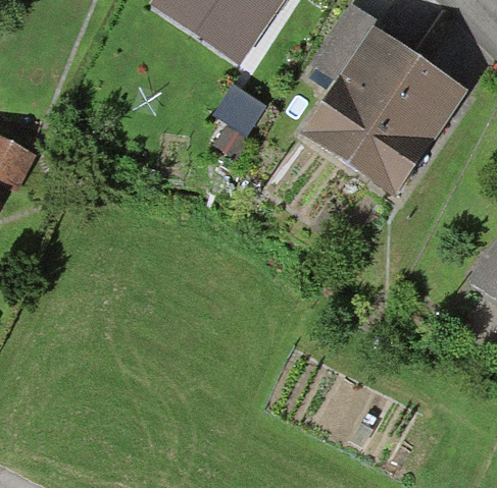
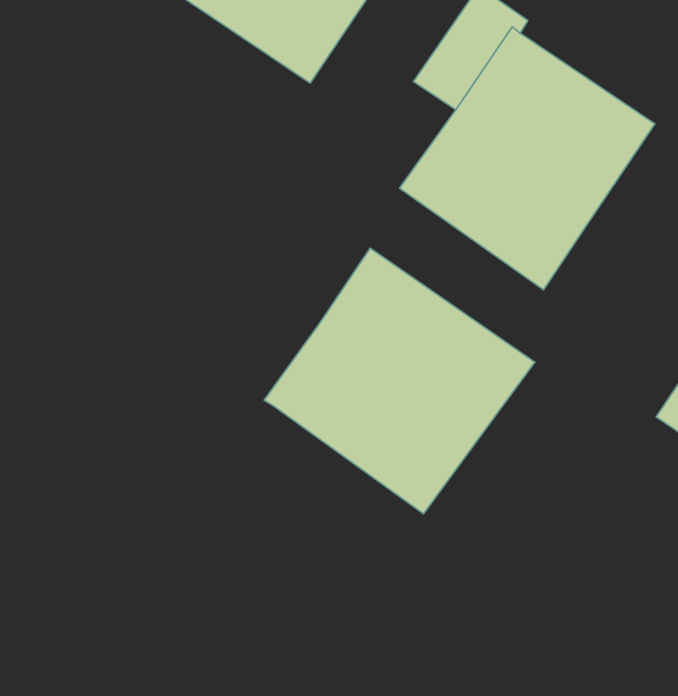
building: none -> [264,248,535,514]

